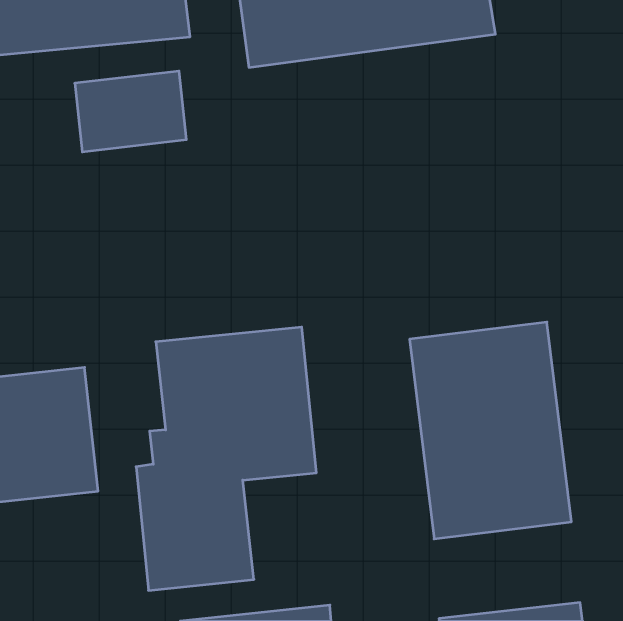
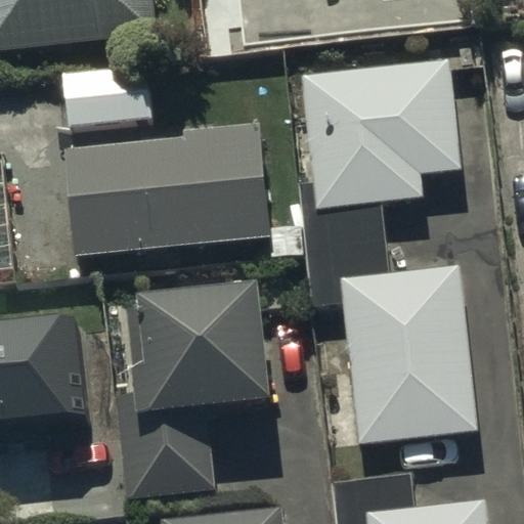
building: none -> [306,69,463,215]
building: none -> [71,124,271,252]

